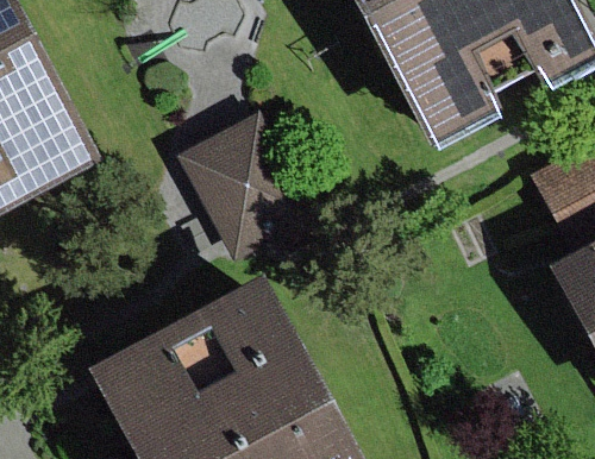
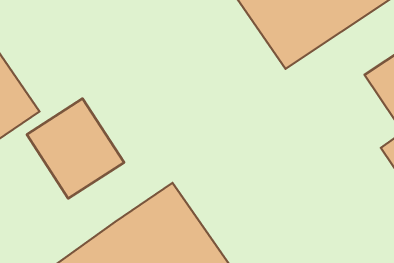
building: [183,111,311,244] -> [27,98,124,199]

